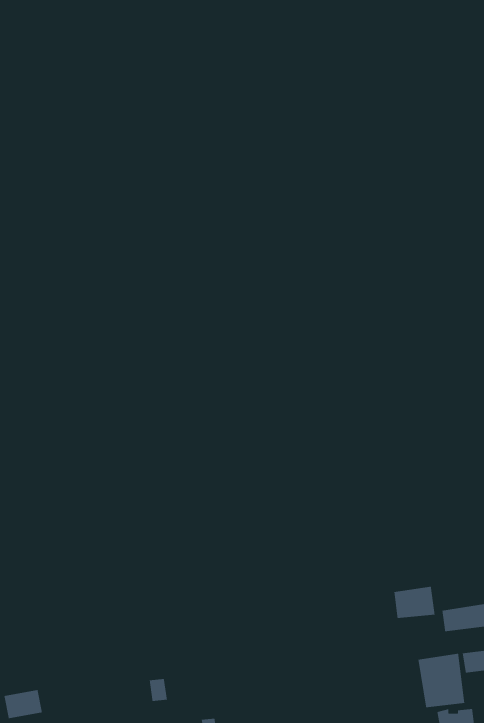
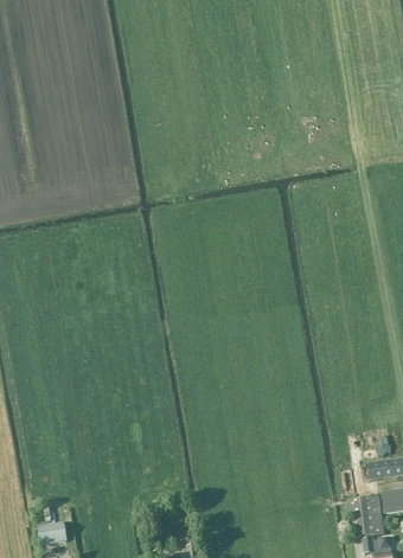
building: [393,586,435,619] -> none

